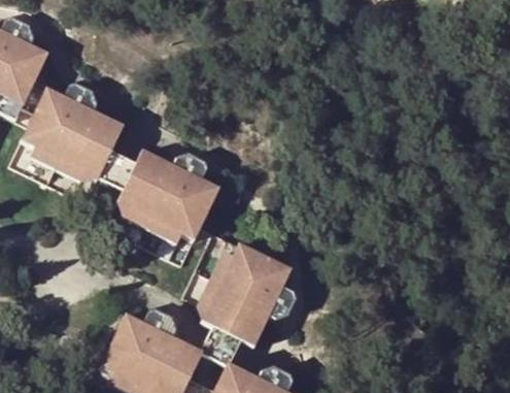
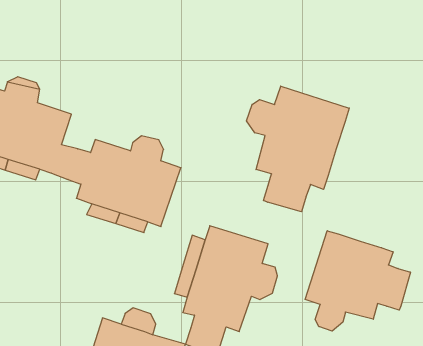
building: none -> [247,86,349,212]
building: none -> [305,231,410,331]

